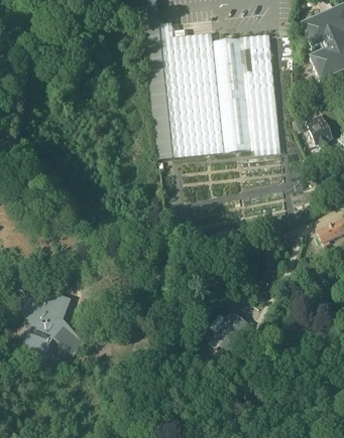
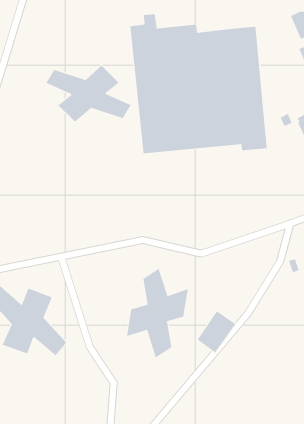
building: none -> [46,65,131,122]
building: none -> [126,268,189,358]

